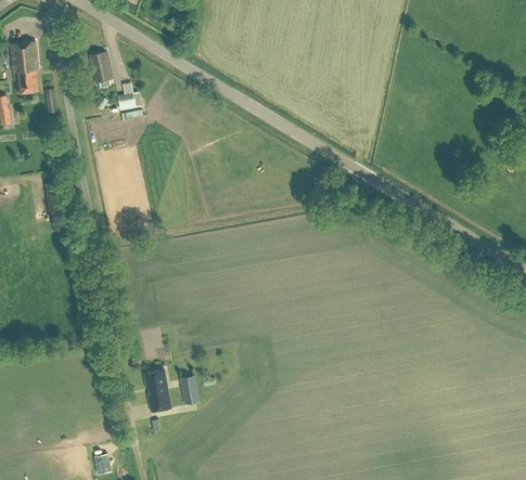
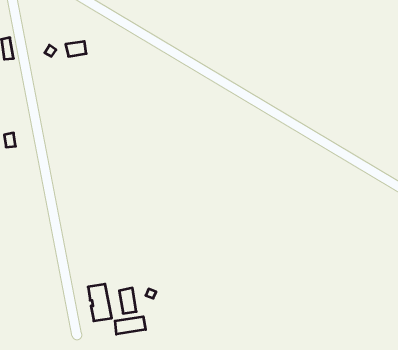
building: [89,52,113,86] -> none
building: none -> [115,317,146,334]

